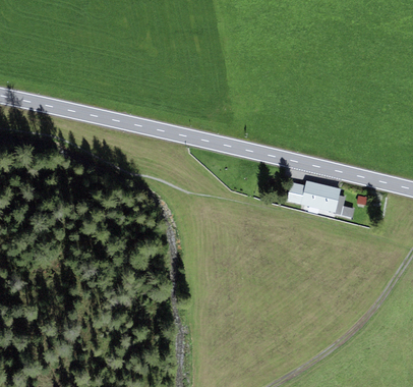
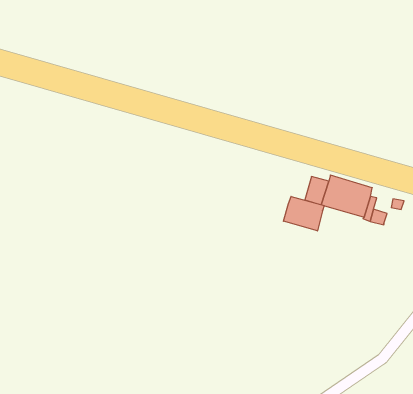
building: none -> [283,196,324,231]

